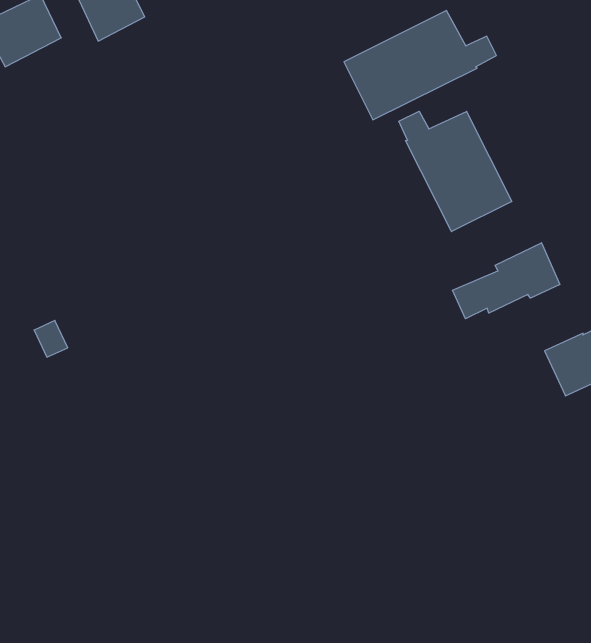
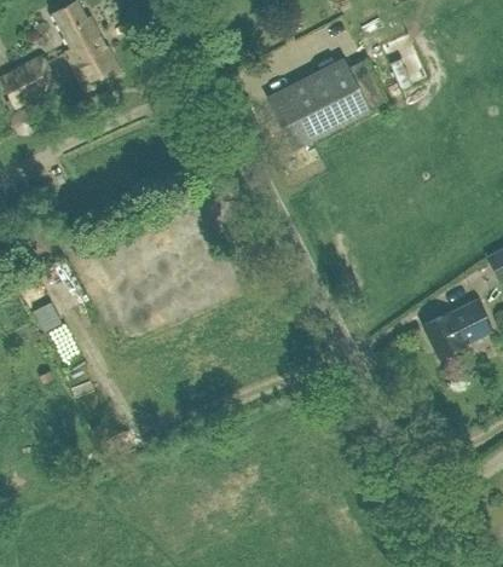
building: [399,111,512,232] -> none
building: [453,243,560,319] -> none

